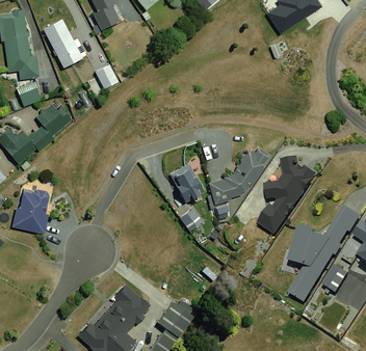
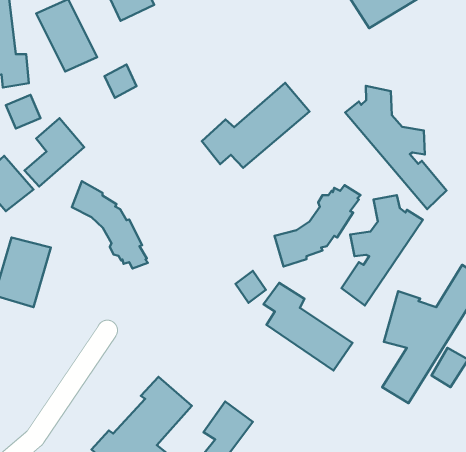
building: none -> [202,83,310,168]
building: none -> [345,86,447,209]
building: none -> [72,181,148,269]
building: [173,164,207,203] -> none
building: none -> [264,283,352,370]

